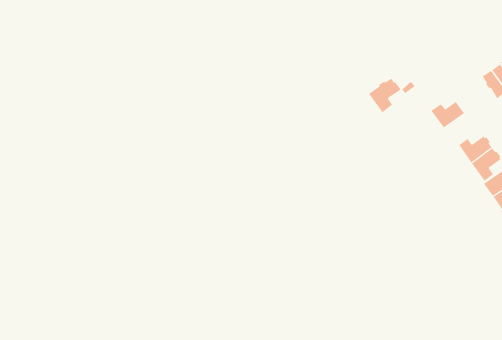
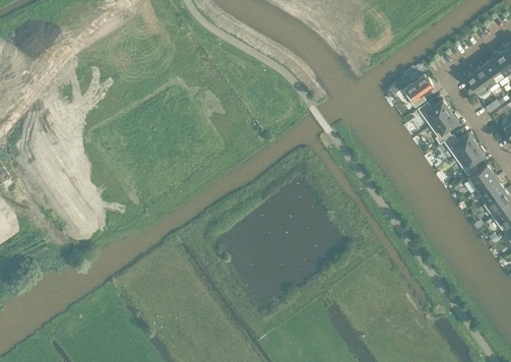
building: [368,78,402,113] -> [403,75,435,109]
building: none -> [431,112,460,145]

